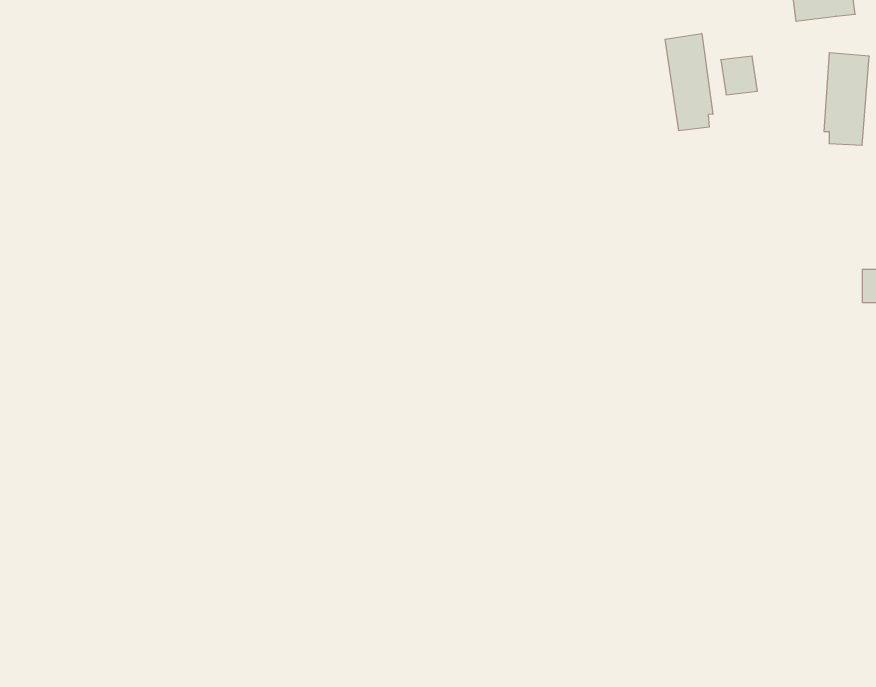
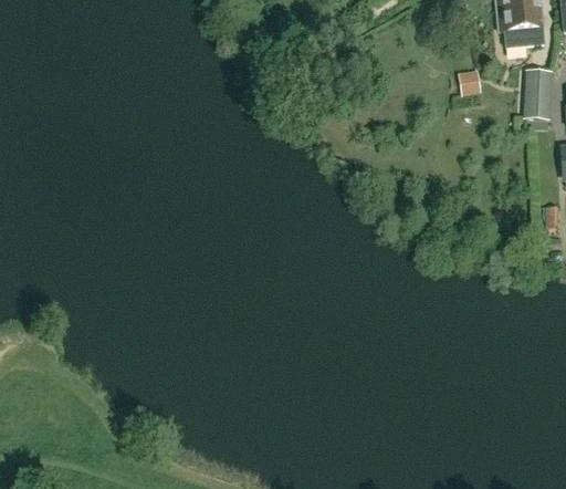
building: [665,33,713,131] -> none

